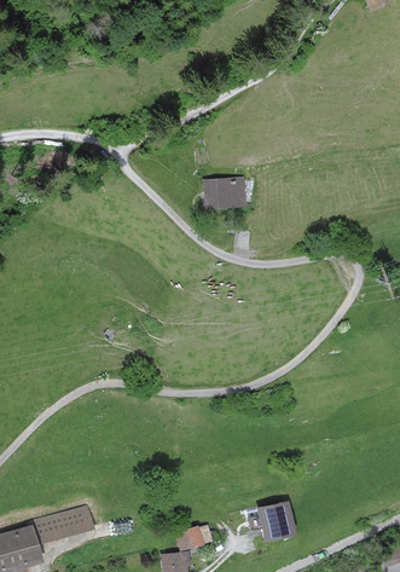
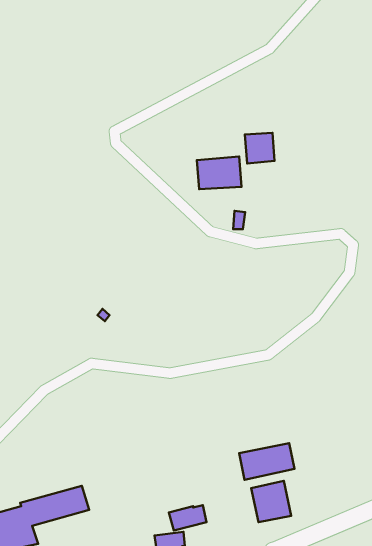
building: none -> [245,133,275,163]
building: none -> [239,443,294,480]

